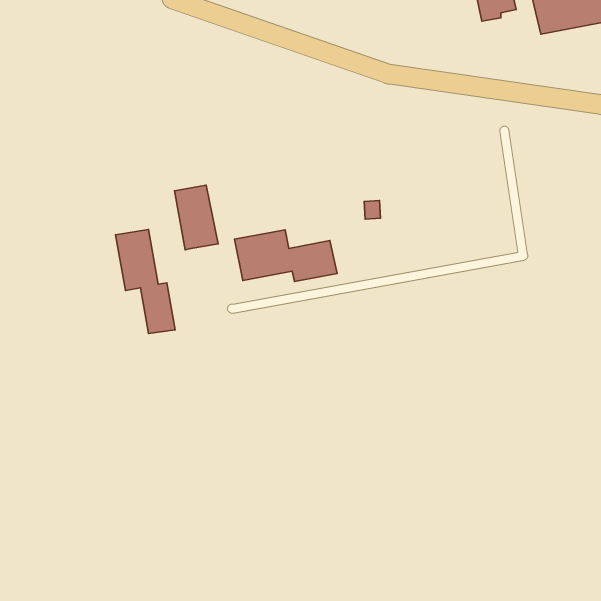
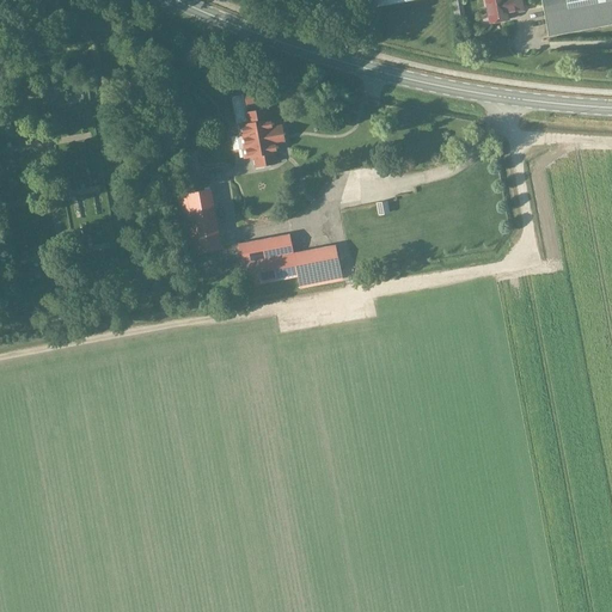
building: none -> [243,109,280,165]
building: [116,230,175,334] -> none

